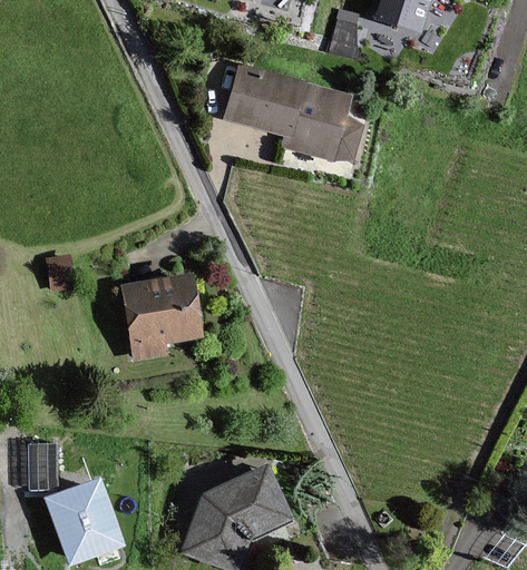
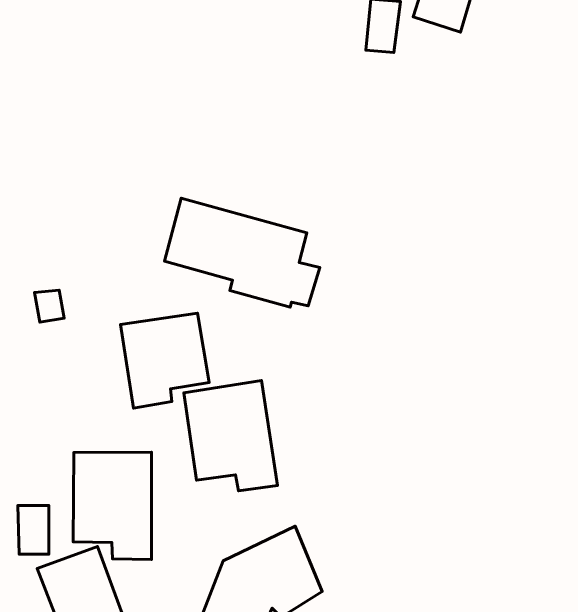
building: [224,65,359,159] -> [164,198,320,307]
building: none -> [184,380,278,491]
building: none -> [73,452,152,559]

